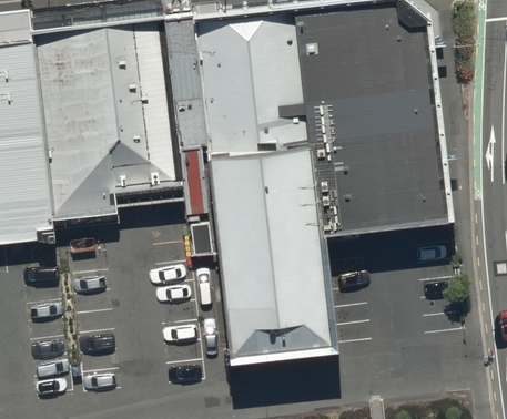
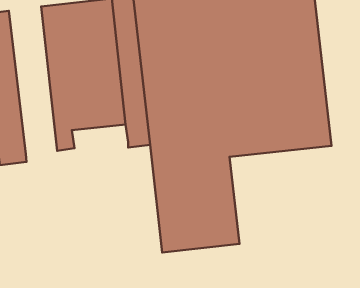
building: [30,43,93,235] -> none

